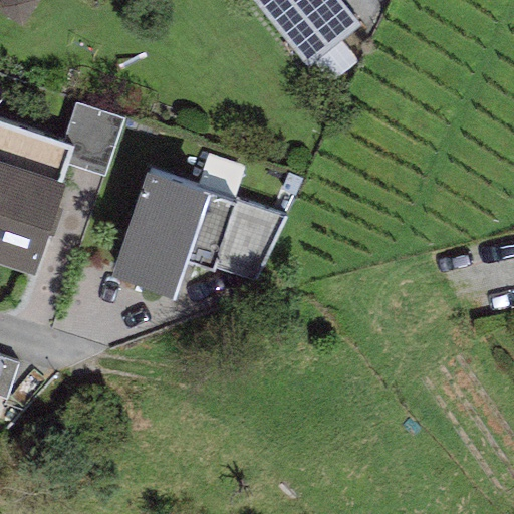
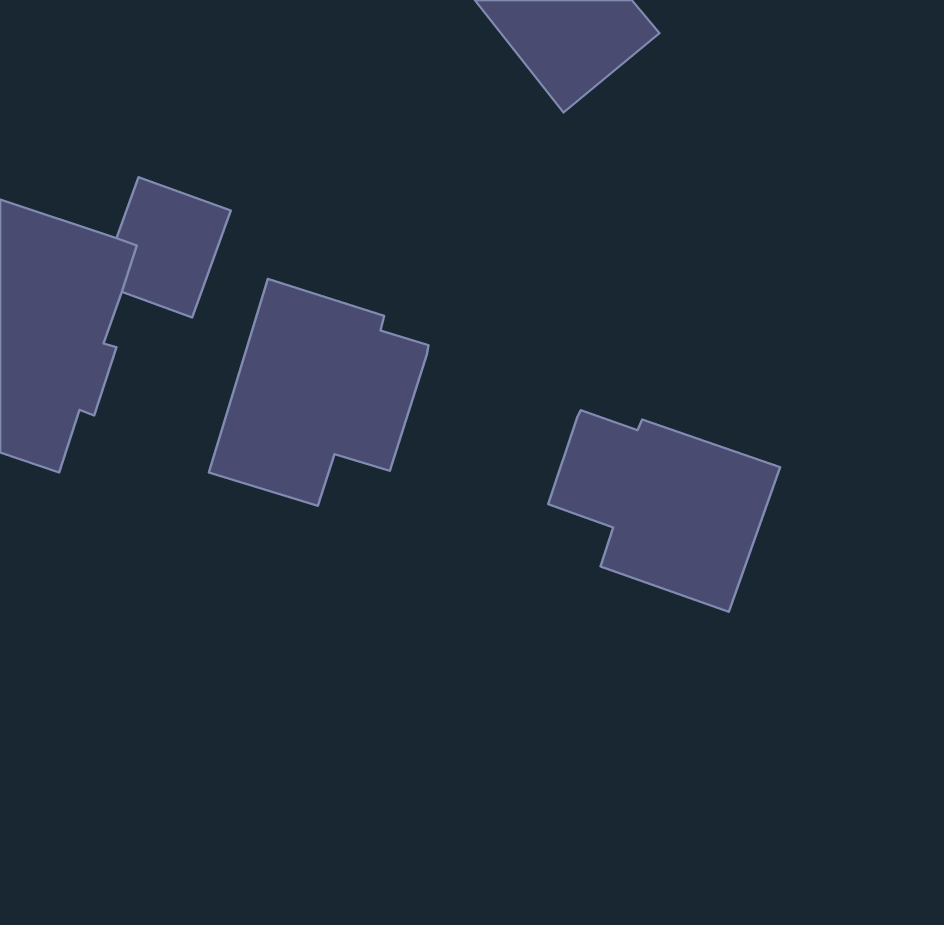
building: [208,203,285,283] -> none
building: none -> [548,410,780,612]

